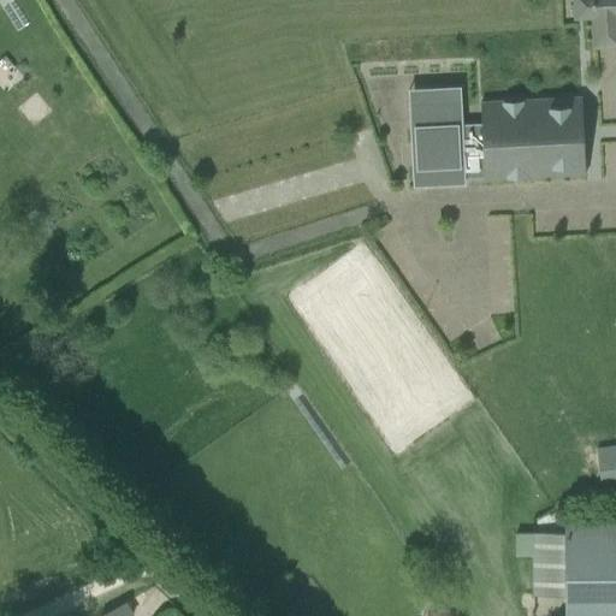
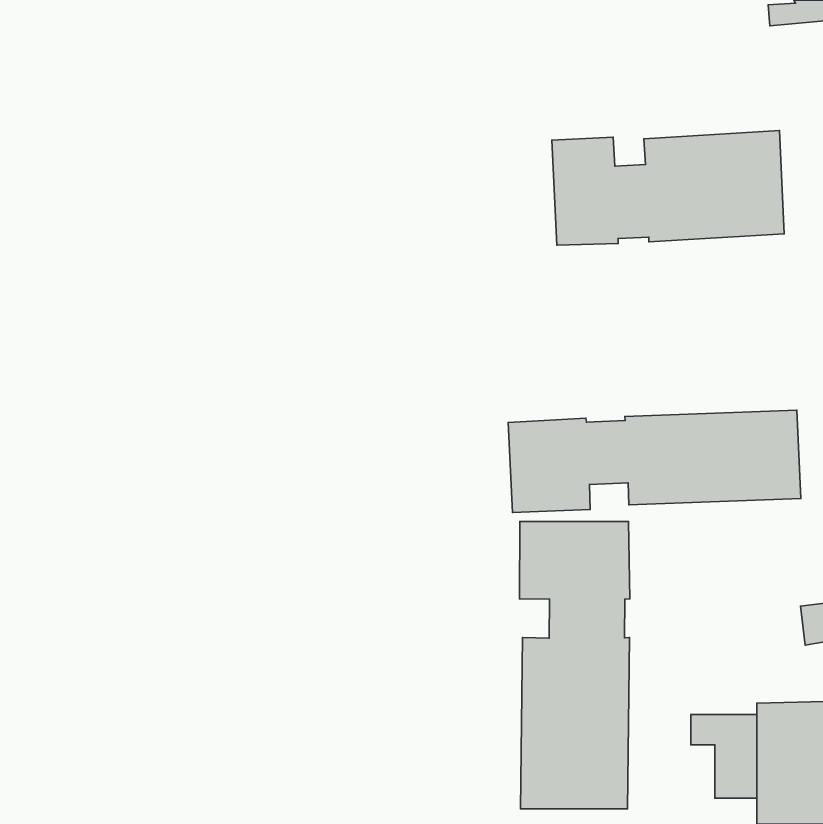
building: none -> [508,410,801,513]
building: none -> [519,522,630,809]

